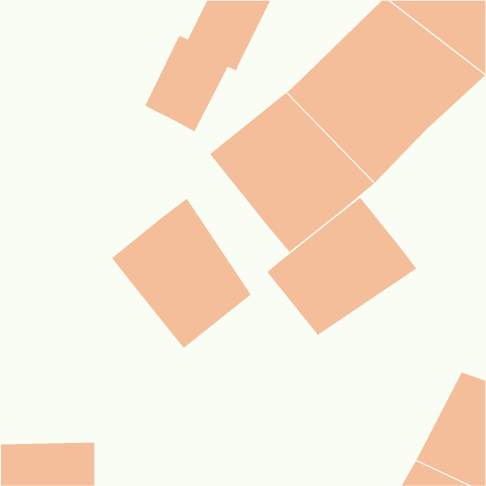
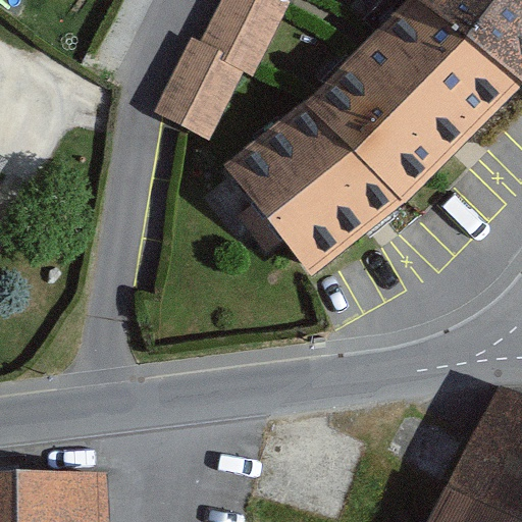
building: [266,197,417,336] -> none
building: [111,198,251,349] -> none

